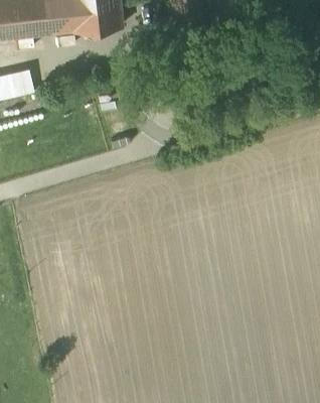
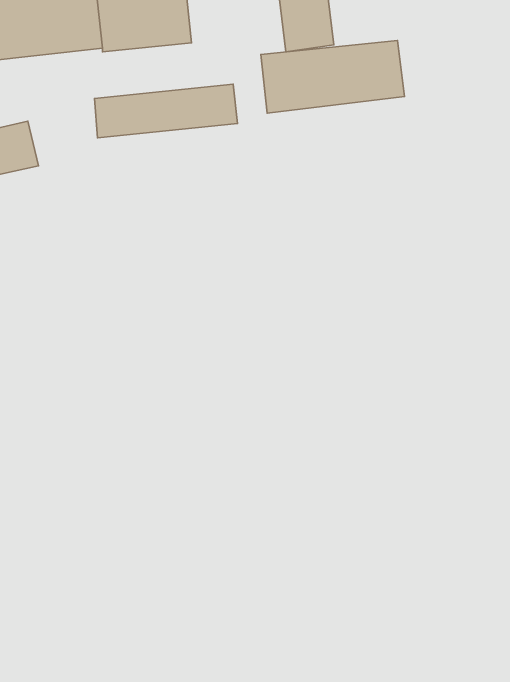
building: none -> [261,41,404,113]
building: none -> [95,84,237,138]

